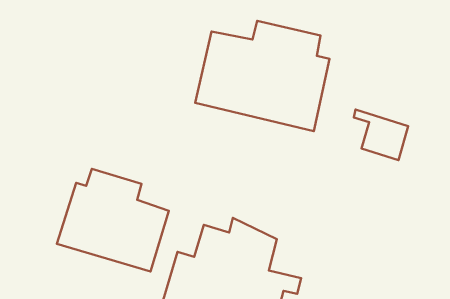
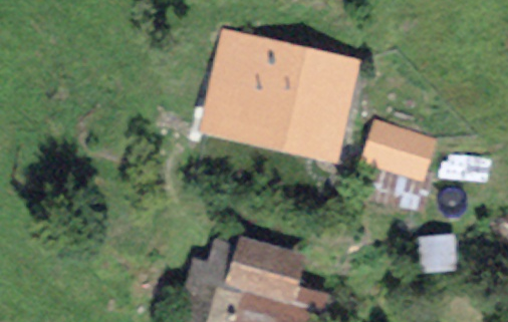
building: [57,169,169,272] -> none

